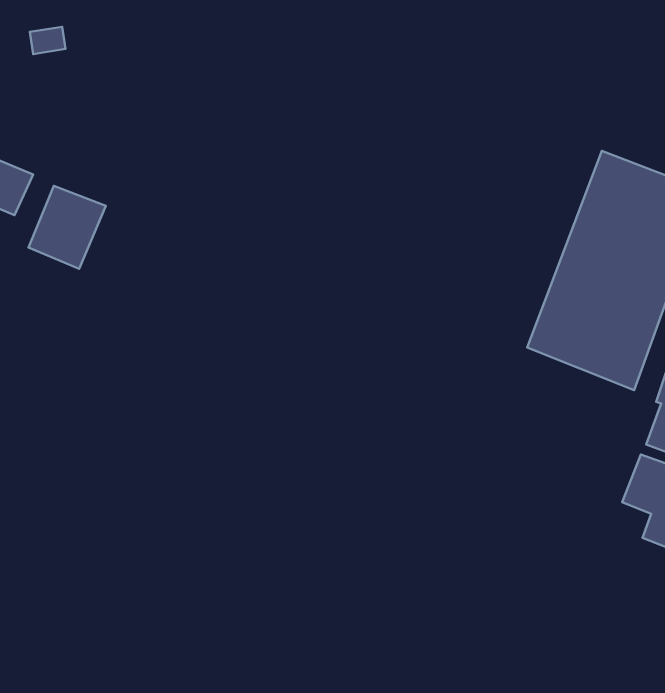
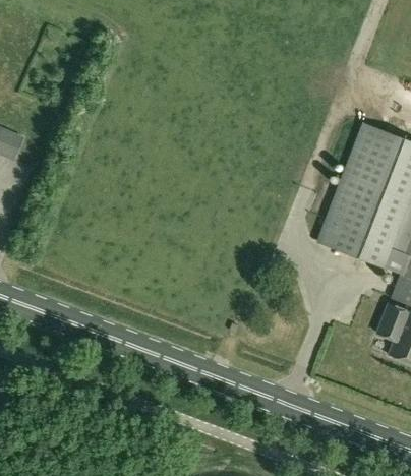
building: [29,186,106,269] -> none

